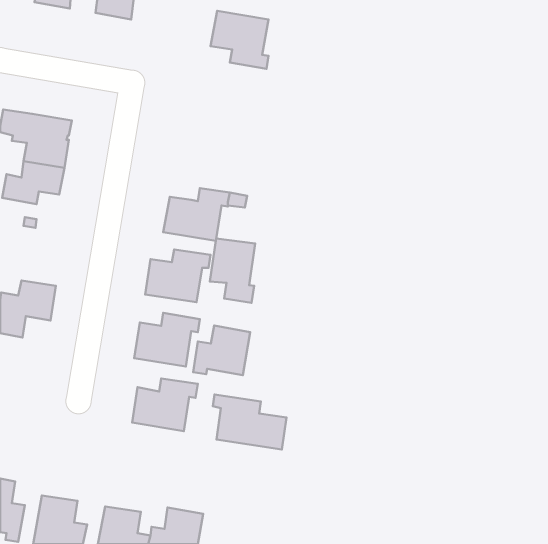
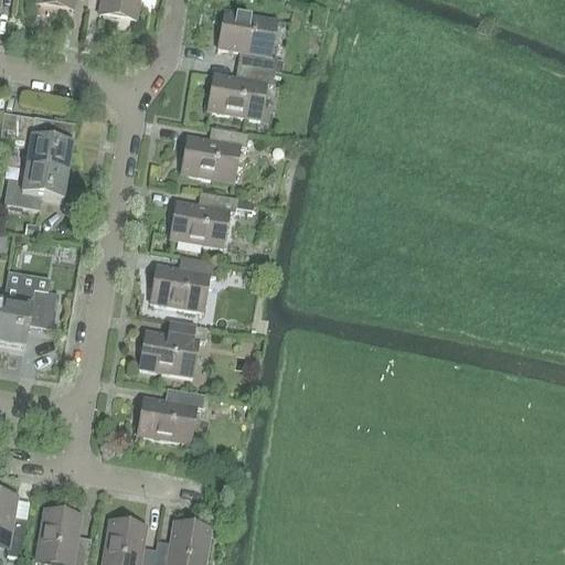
building: none -> [206,64,275,119]
building: none -> [180,127,248,181]
building: [210,238,255,303] -> none
building: [193,326,250,375] -> none
building: [213,394,287,450] -> none

